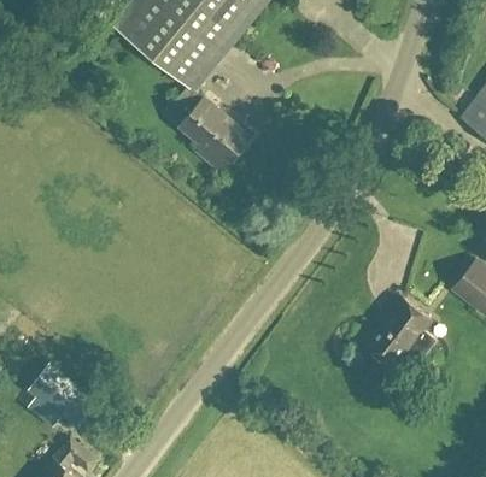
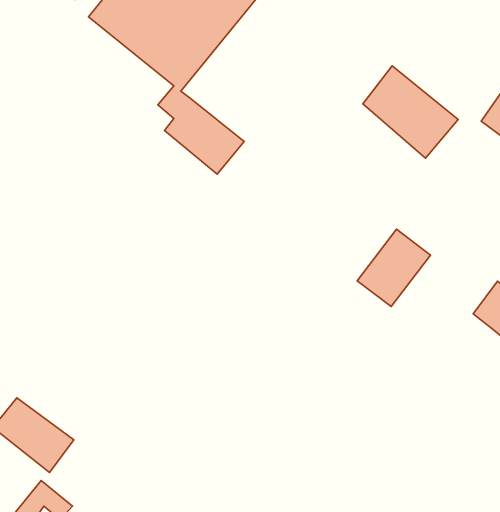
building: none -> [363,66,458,158]
building: [367,298,432,366] -> [357,229,430,307]

